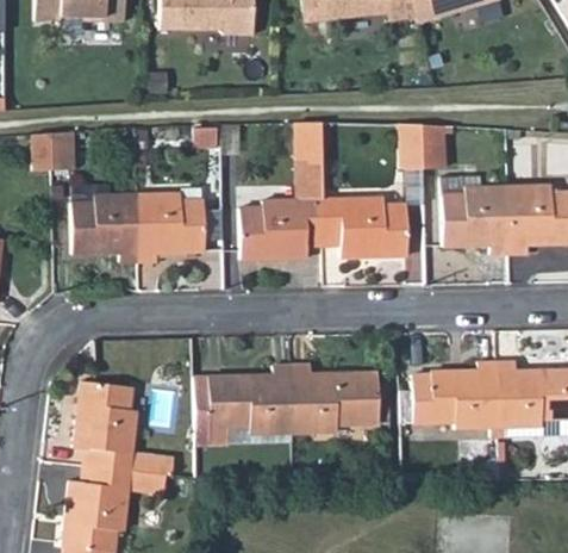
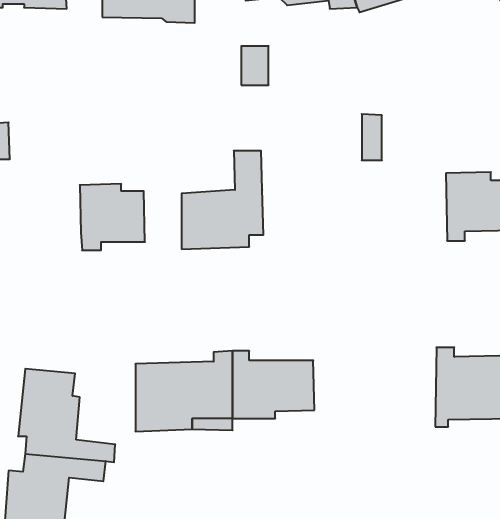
building: [293,123,320,162] -> [241,46,269,85]
building: [398,124,422,172] -> none
building: [441,178,507,254] -> none
building: [71,187,141,263] -> none
building: [322,199,405,257] -> none
building: [413,360,497,440] -> none

